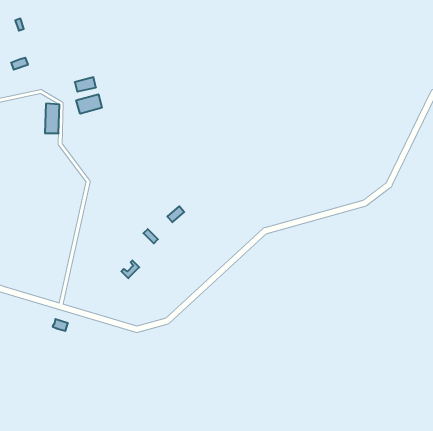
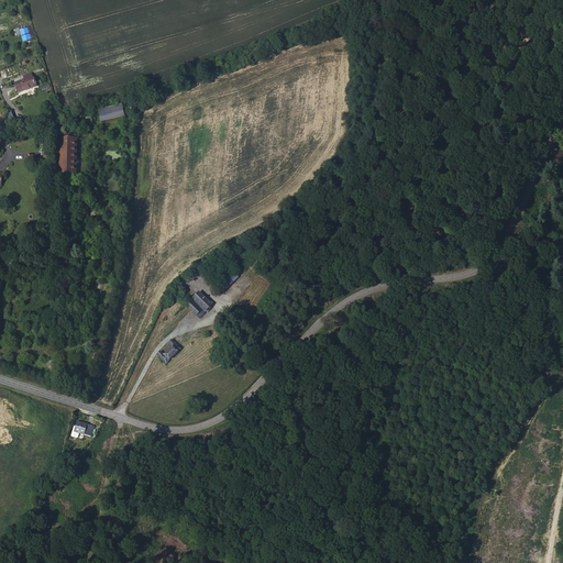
building: [76,94,102,114] -> none

